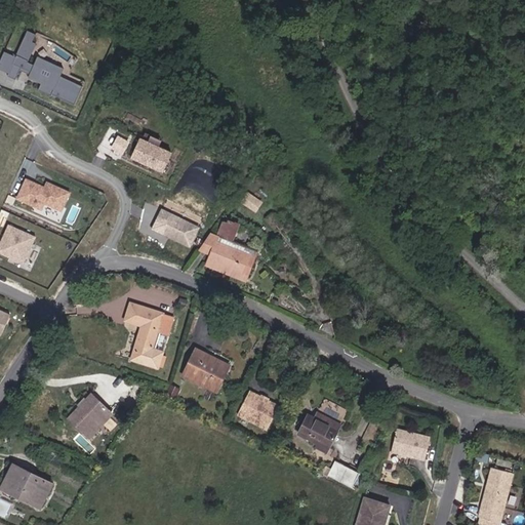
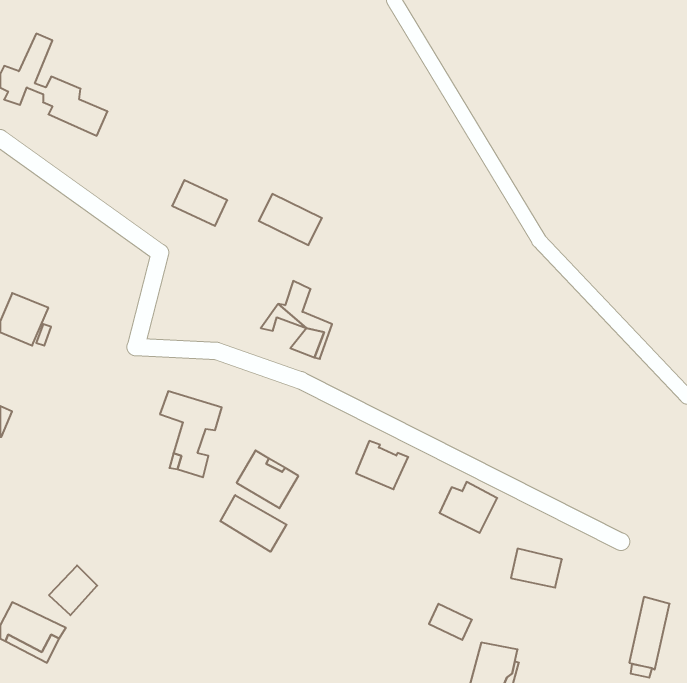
building: [13,180,72,216] -> none
building: [152,212,200,251] -> [259,194,322,245]
building: [205,245,234,269] -> none
building: none -> [220,495,287,552]
building: [239,389,279,426] -> [356,441,408,489]
building: [68,397,105,435] -> [49,565,97,615]
building: [295,408,339,447] -> [439,482,497,533]

